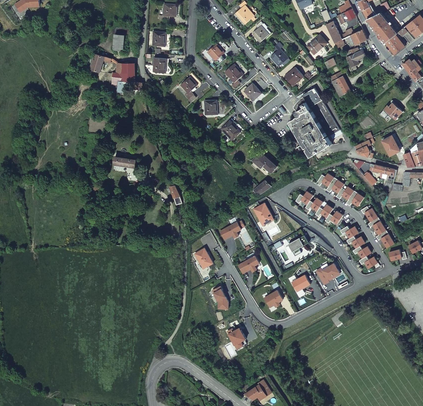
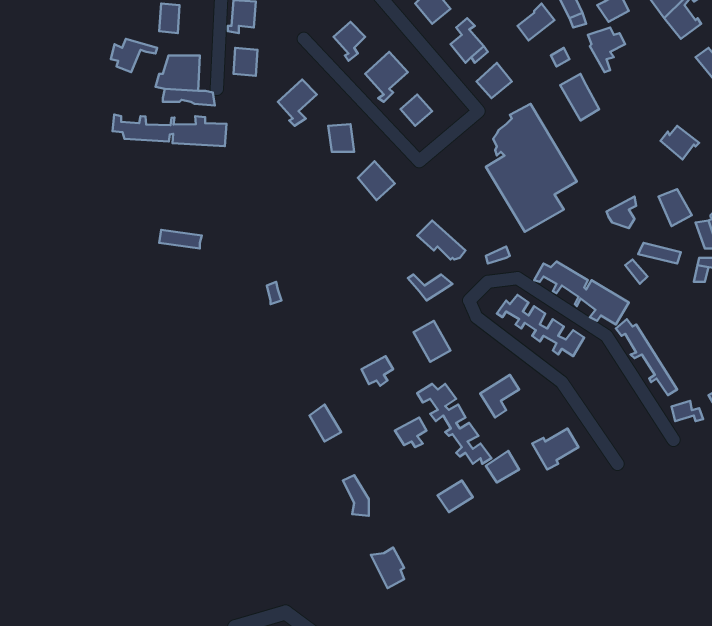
building: none -> [113,115,226,146]
building: [338,225,378,268] -> [417,384,492,464]

